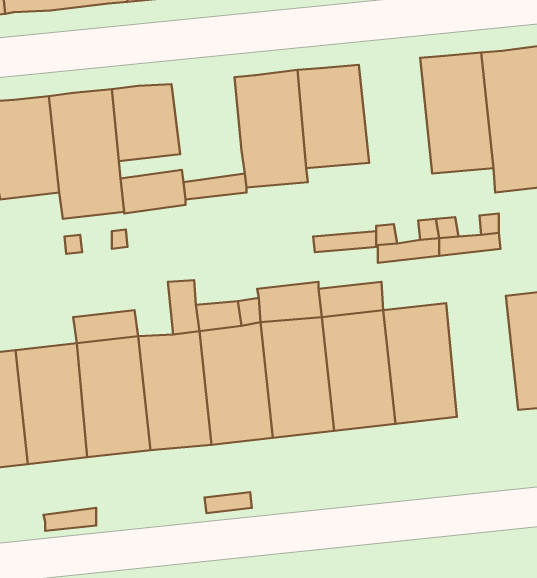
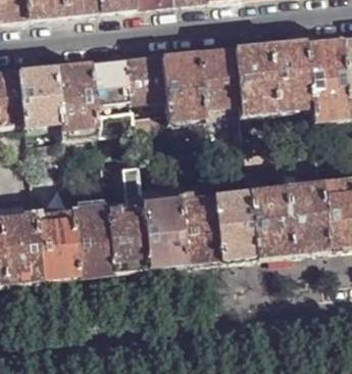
building: none -> [235,45,278,116]
building: none -> [125,56,166,103]
building: none -> [286,184,328,254]

